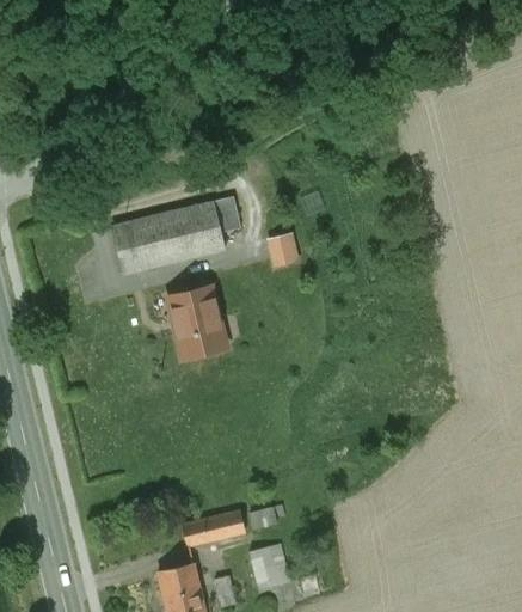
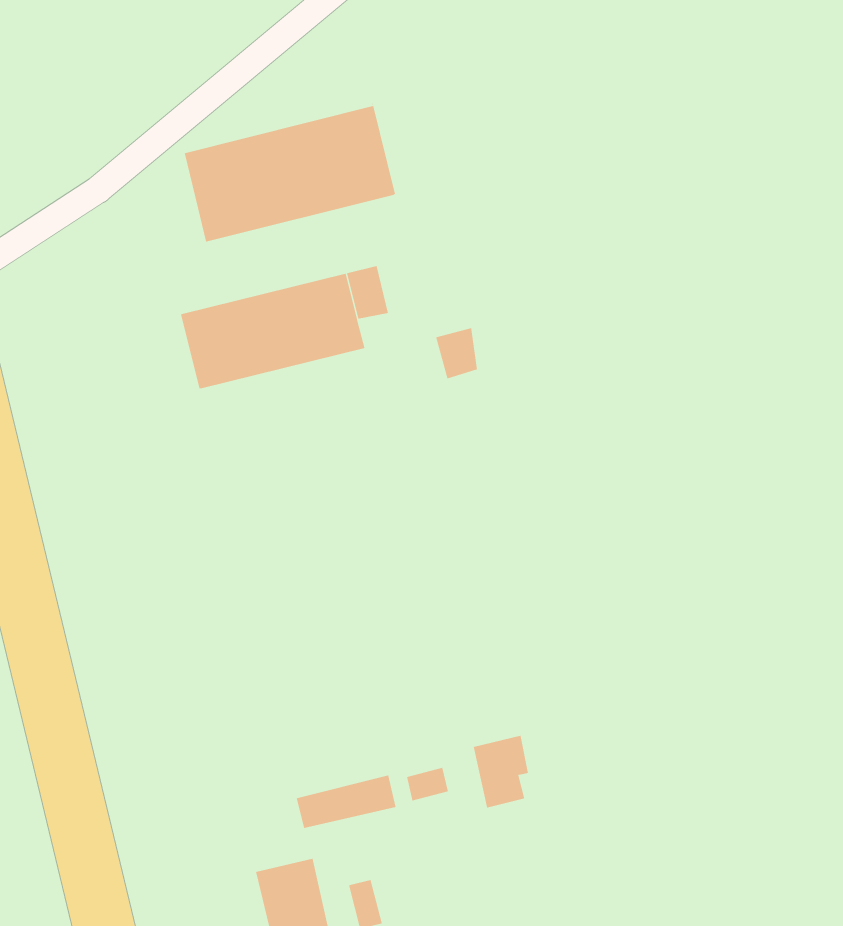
building: none -> [184,102,396,243]
building: [168,287,226,356] -> none
building: [250,543,284,588] -> [473,735,529,809]

